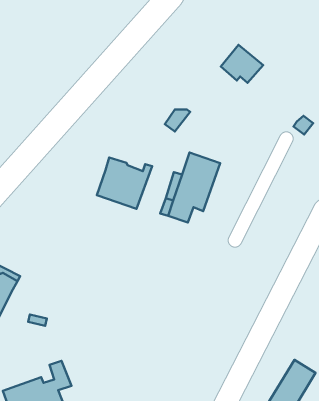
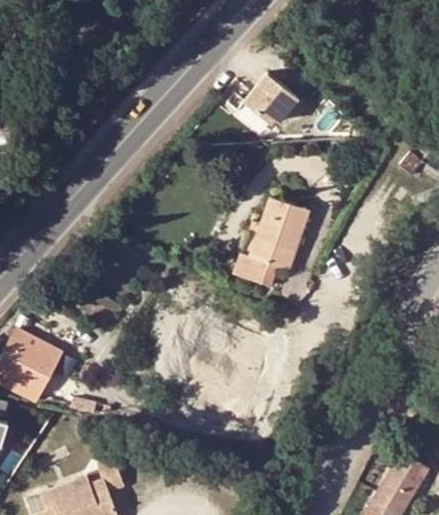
building: [221,45,263,83] -> [242,75,294,123]
building: [97,158,152,209] -> none

